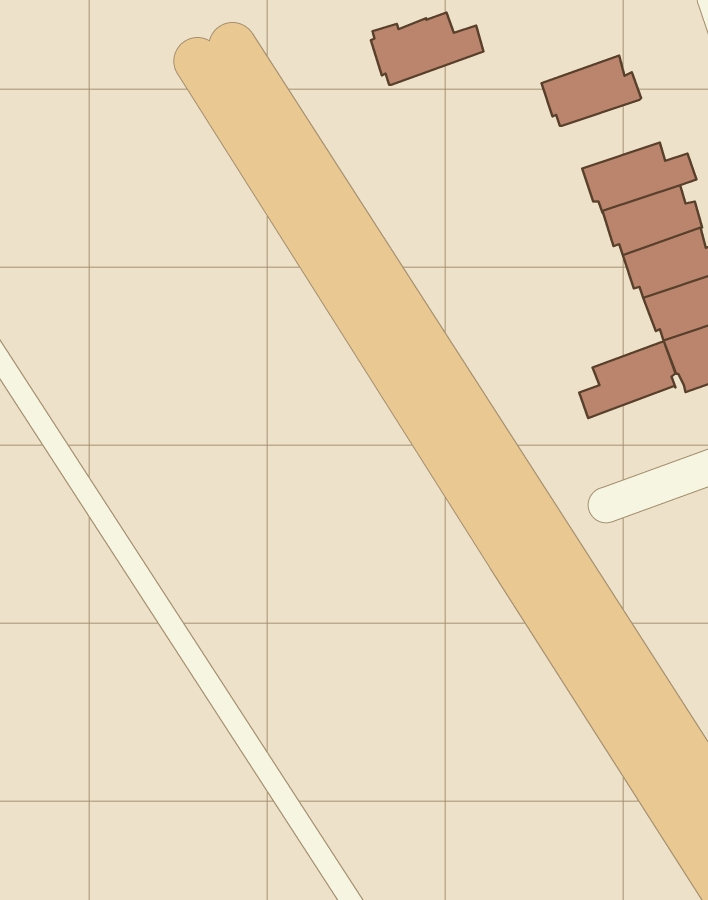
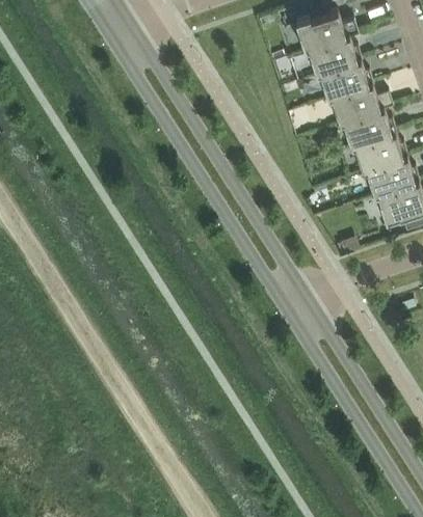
building: [371,13,484,85] -> [294,10,358,51]
building: none -> [317,60,373,99]
building: [579,341,676,418] -> none

